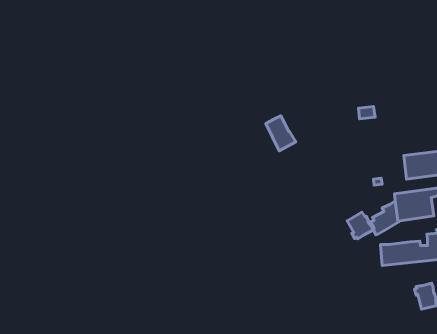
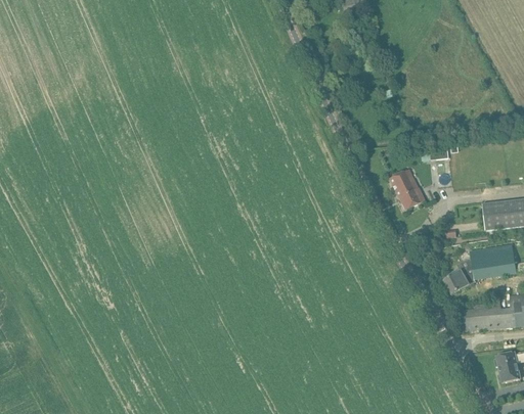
building: [266,116,296,151] -> [391,169,426,210]
building: [347,212,373,239] -> none

